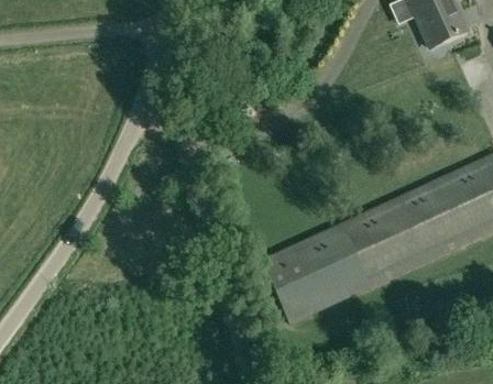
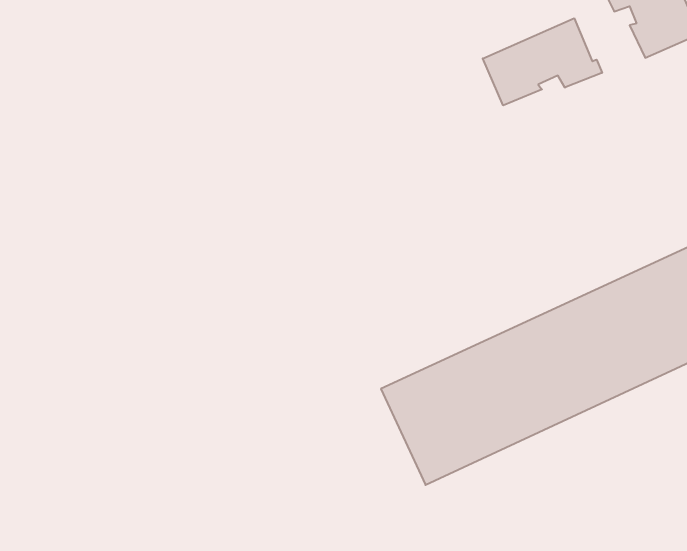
building: none -> [483,18,602,105]

